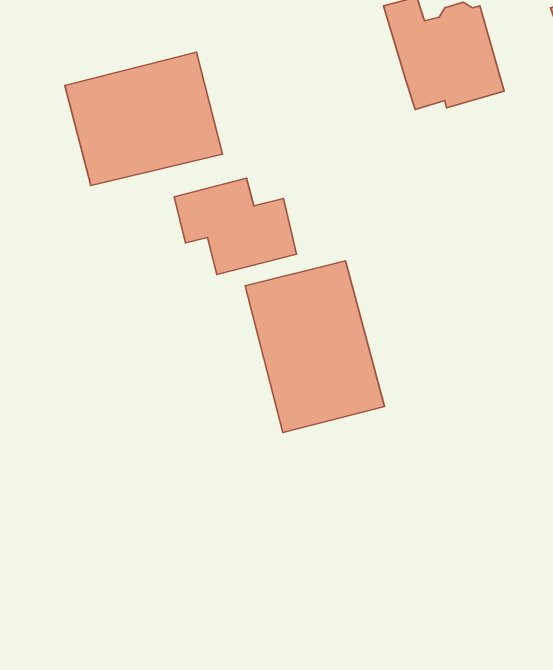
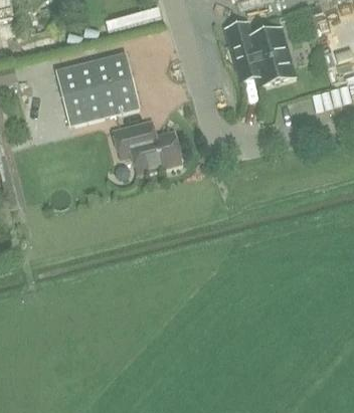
building: [245,261,385,432] -> none

